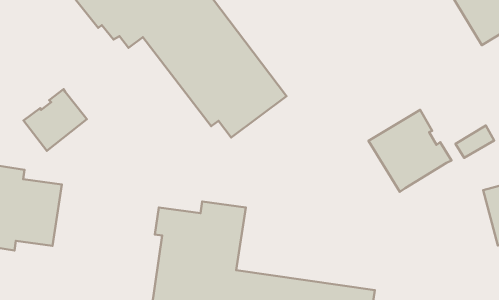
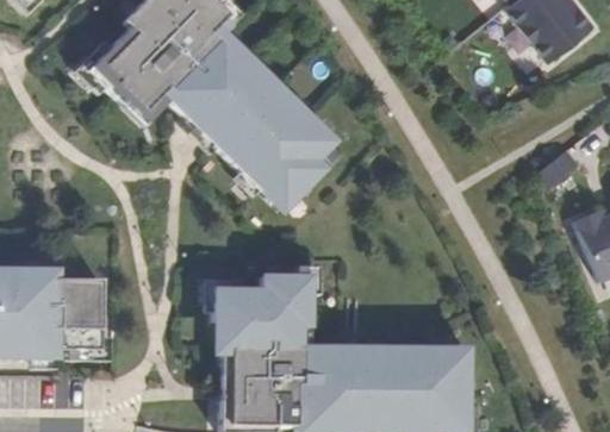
building: [24,89,87,151] -> none
building: [369,110,451,192] -> none

